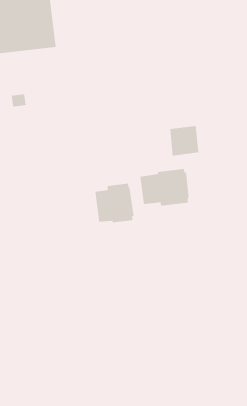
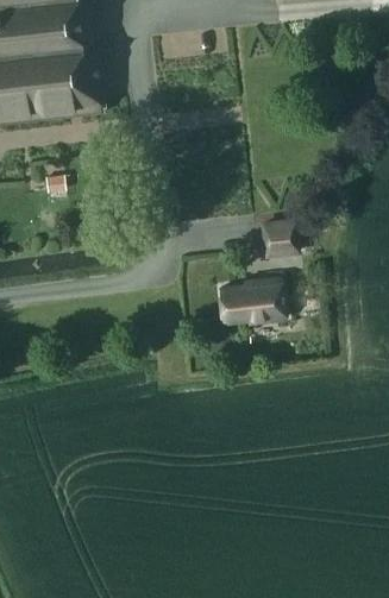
building: [95,183,134,223] -> none

